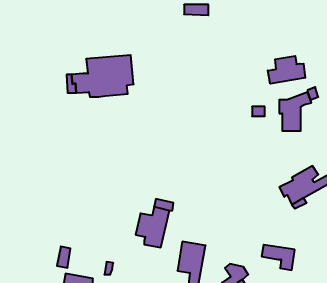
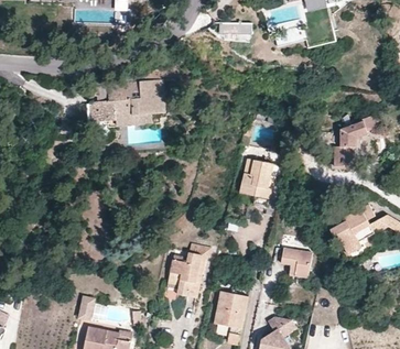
building: [268,56,305,84] -> none
building: none -> [241,159,271,206]
building: [262,245,295,270] -> [273,248,311,276]

